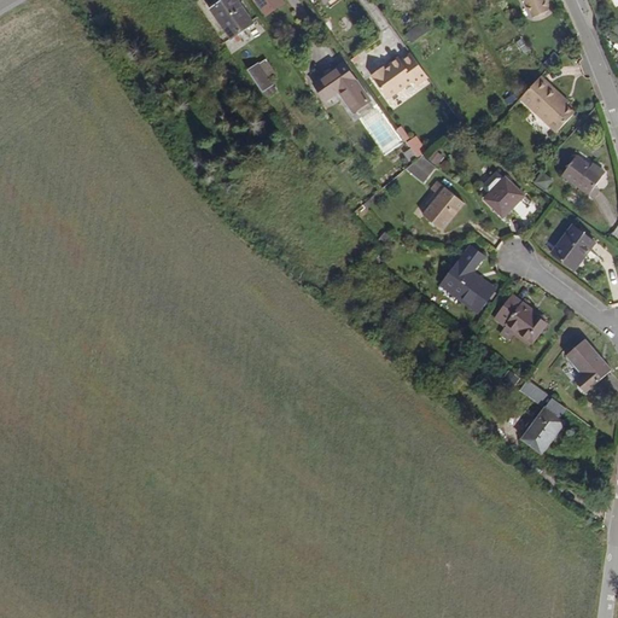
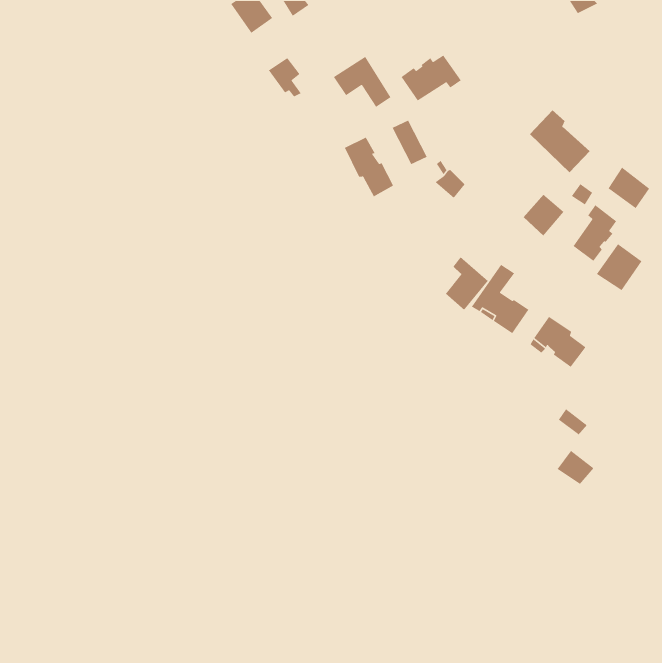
building: [523,72,579,132] -> [529,110,590,173]
building: none -> [344,136,394,198]
building: [420,182,461,233] -> [445,256,489,311]
building: none -> [573,204,617,262]
building: [564,337,608,391] -> none
building: [530,395,564,436] -> none

